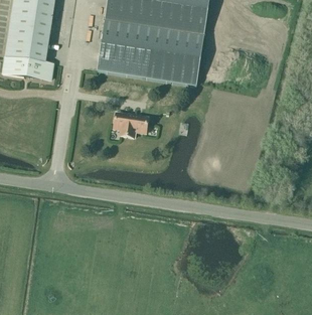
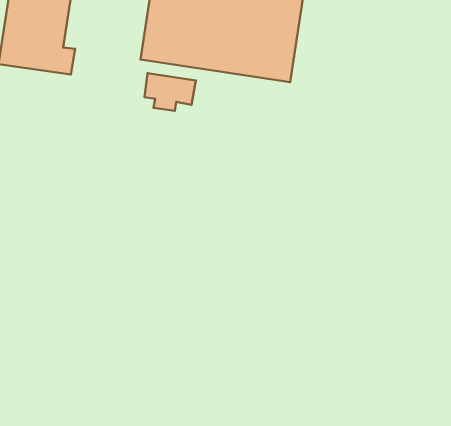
building: [114,111,148,136] -> [145,73,196,111]

